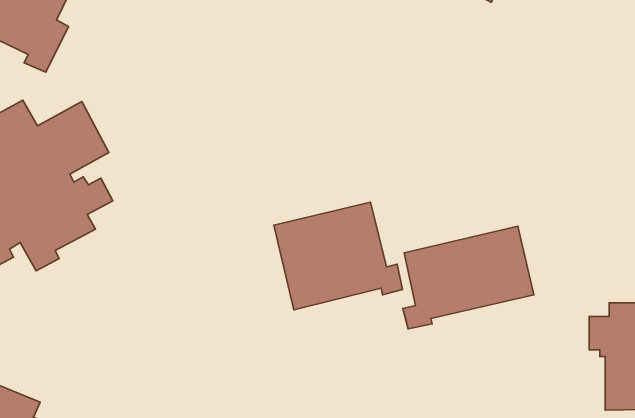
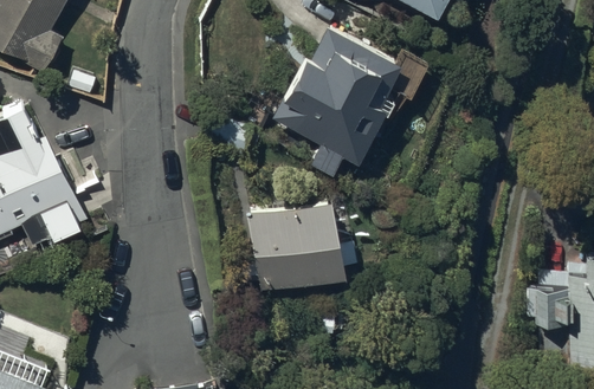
building: none -> [270,25,401,176]
building: [403,226,534,329] -> none

